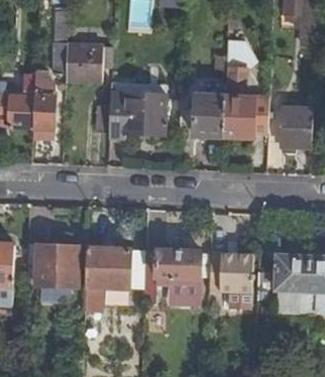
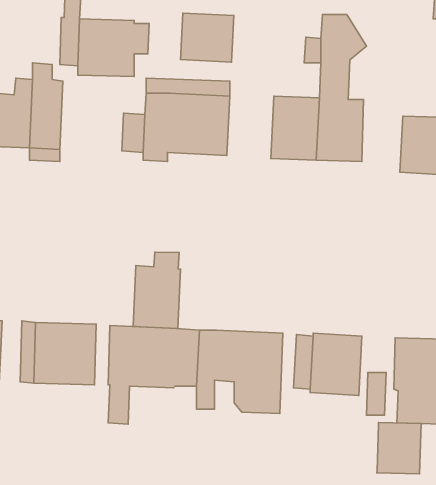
building: none -> [181,13,234,62]
building: none -> [133,252,181,328]
building: none -> [377,423,421,474]

